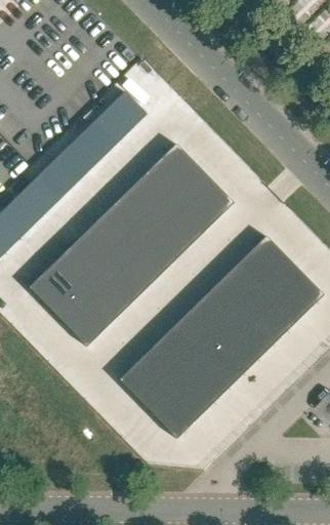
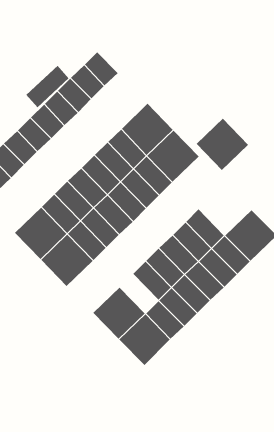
building: none -> [26,65,70,108]
building: [235,235,293,293] -> [196,118,249,171]
building: [148,335,191,379] -> none

